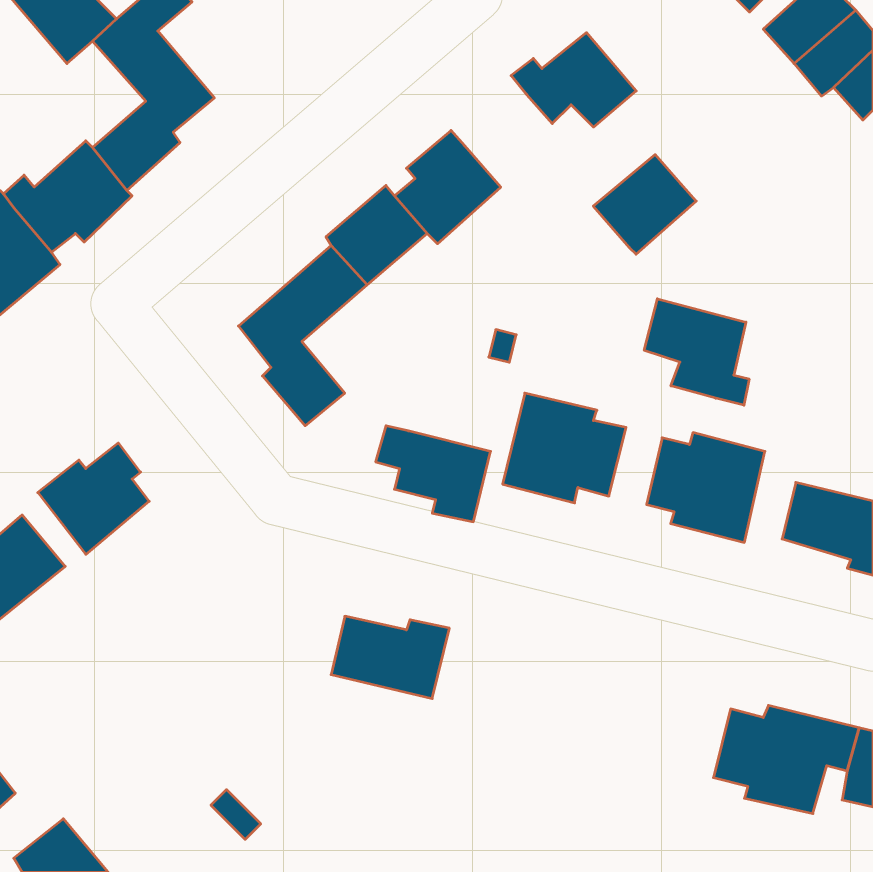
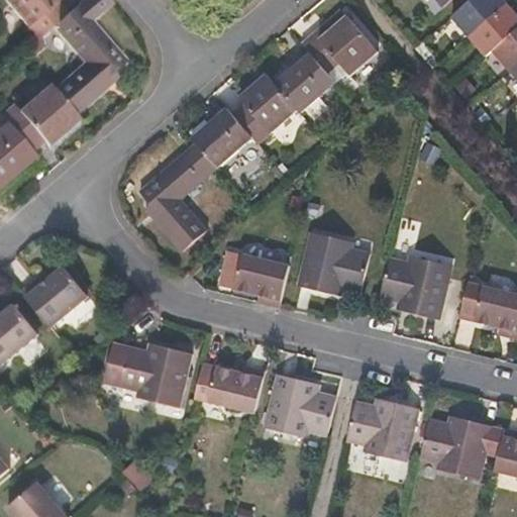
building: [593,155,696,254] -> [274,56,334,114]
building: [644,299,749,405] -> none
building: none -> [103,341,191,406]
building: none -> [263,372,337,437]
building: none -> [347,397,418,460]

